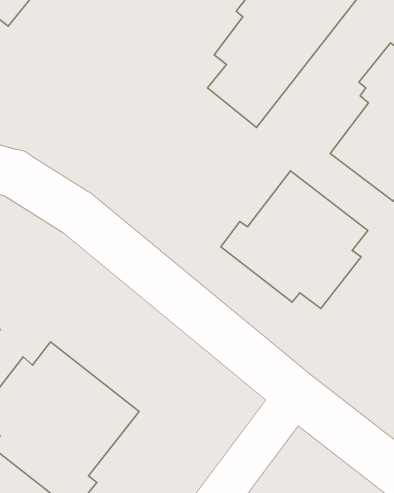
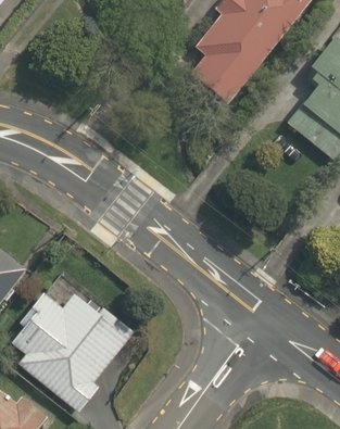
building: [221,171,368,308] -> none

